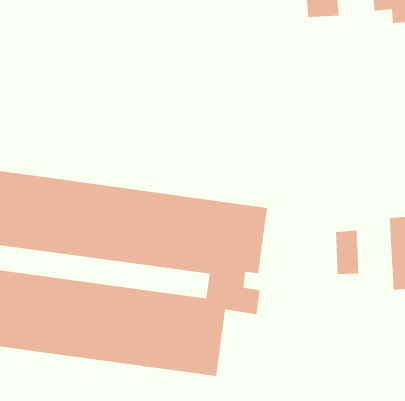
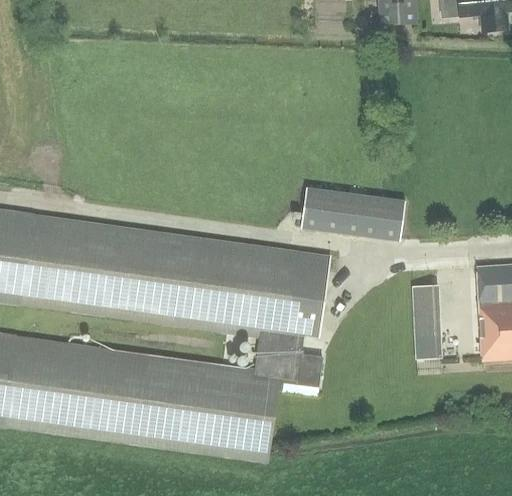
building: none -> [300,187,405,240]
building: none -> [414,336,442,358]

